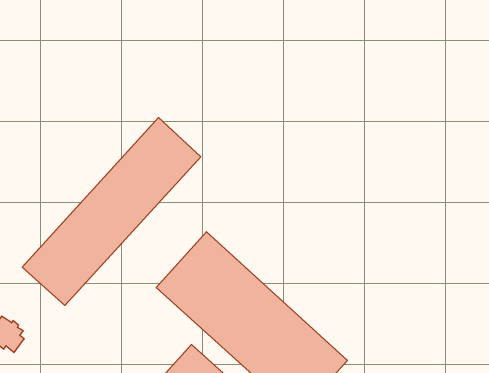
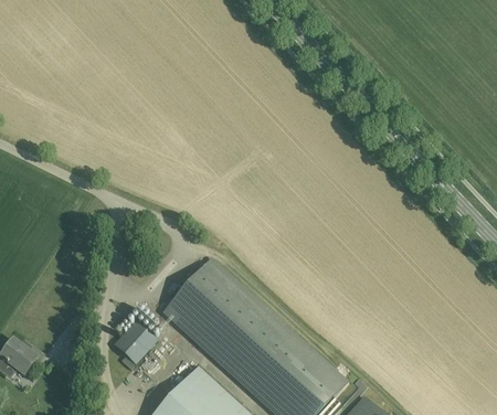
building: [22,118,201,305] -> none
building: none -> [114,321,157,364]

